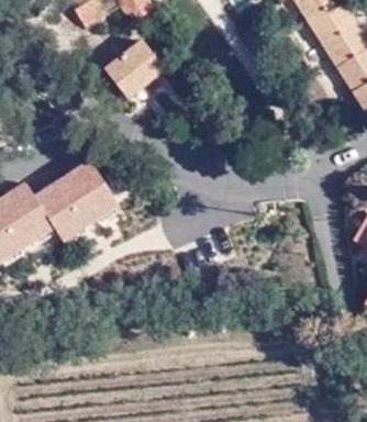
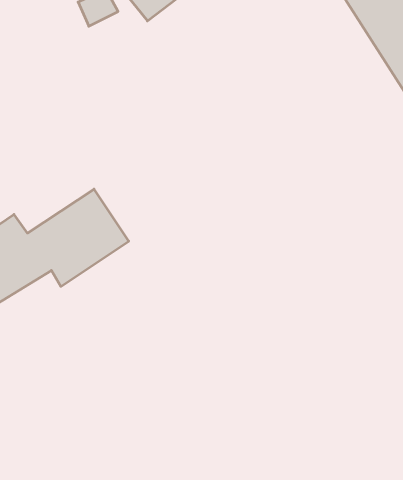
building: [103,40,165,97] -> none

